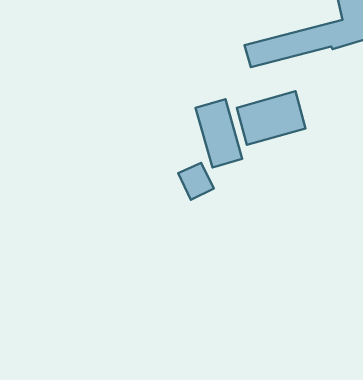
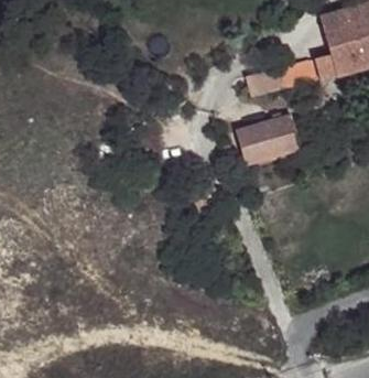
building: [196,99,242,167] -> none

